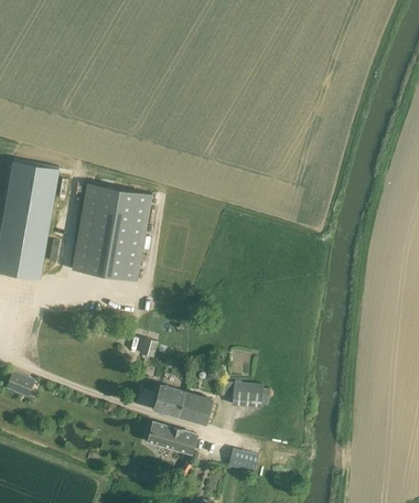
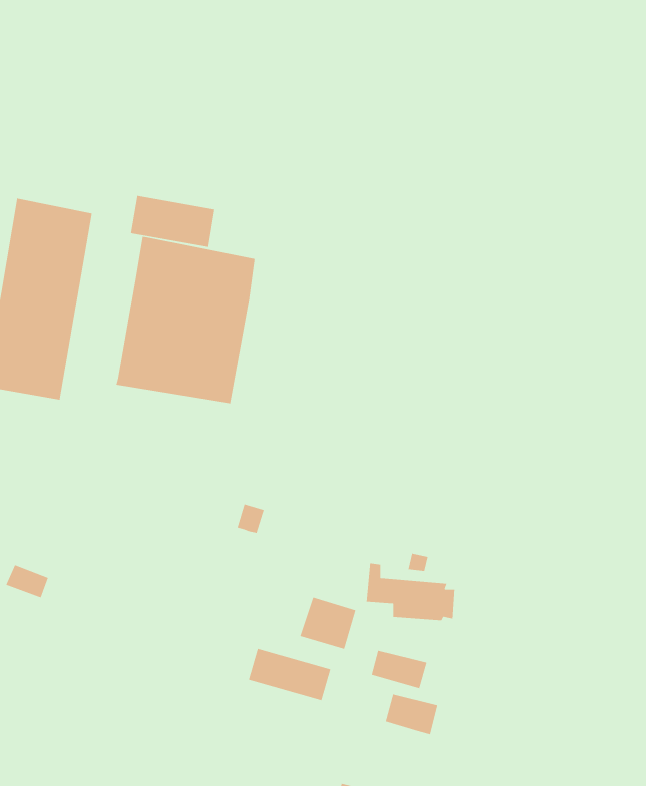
building: none -> [130,195,215,247]
building: [154,386,185,416] -> none
building: none -> [371,650,427,689]

